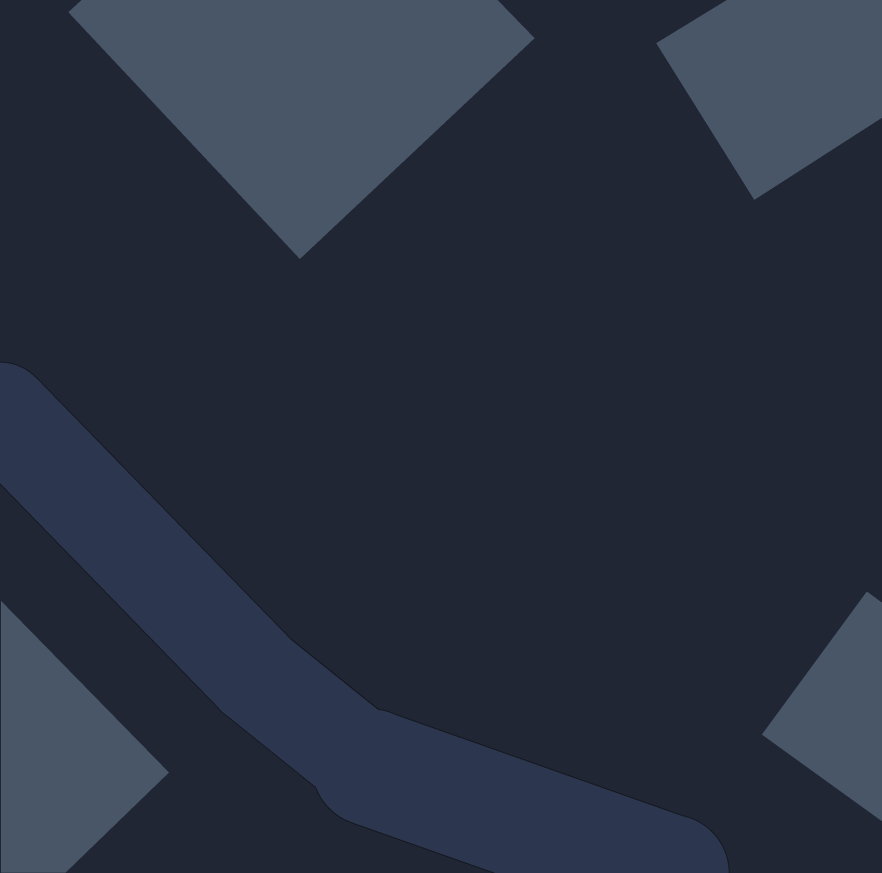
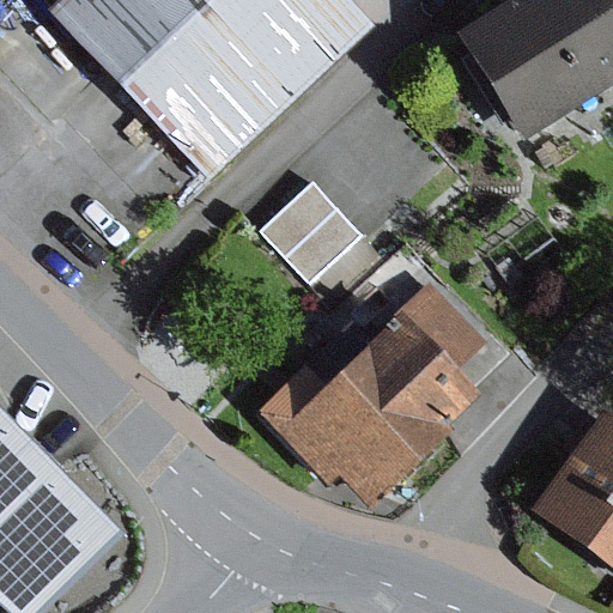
building: none -> [261,176,382,297]
building: none -> [257,273,487,508]

